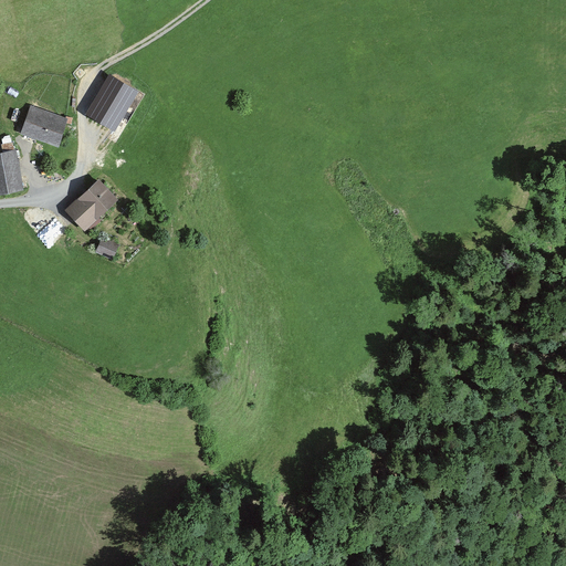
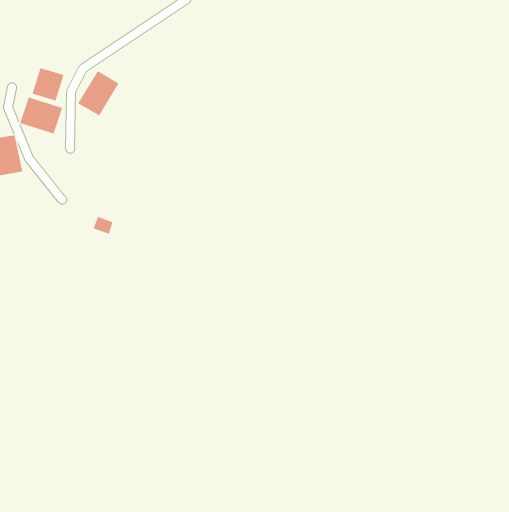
building: none -> [32,67,65,101]
building: [62,178,116,231] -> none

